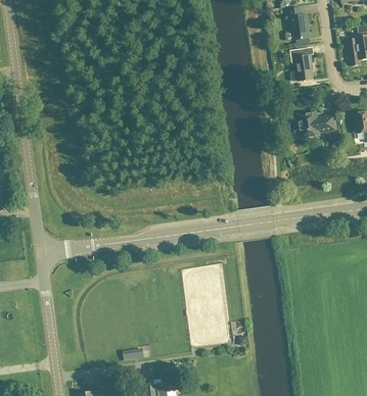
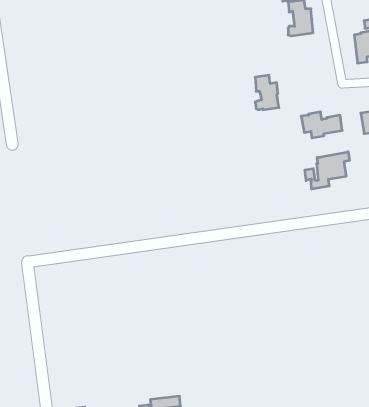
building: [290,48,313,81] -> [255,75,279,110]
building: none -> [305,152,350,189]

